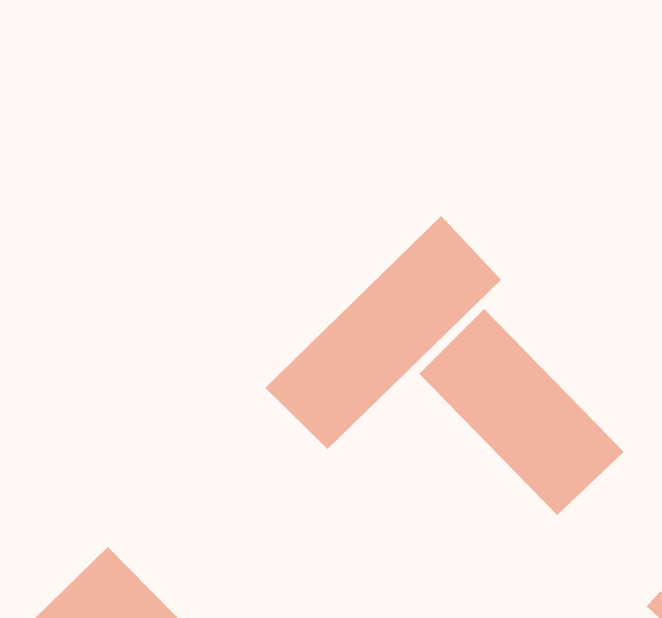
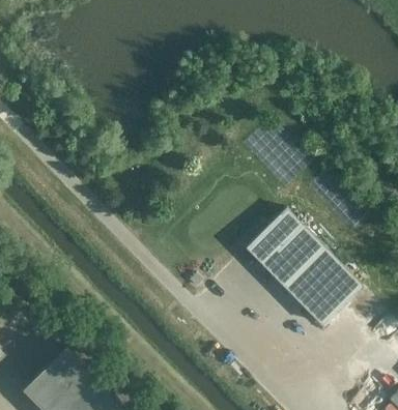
building: [264,215,502,450] -> none

